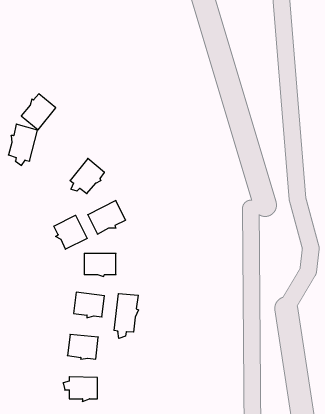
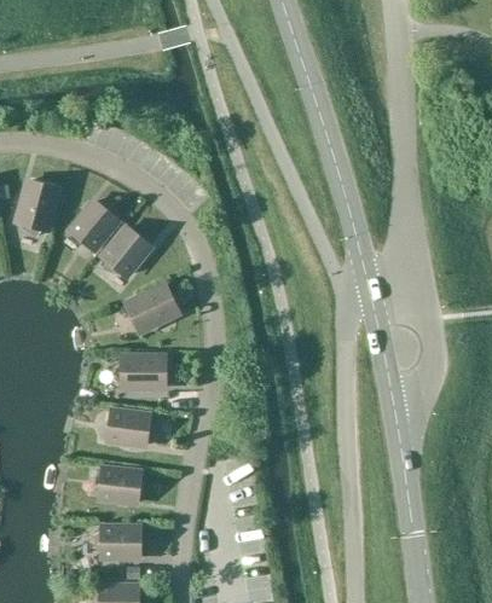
building: [21,94,56,130] -> [70,199,117,249]
building: [54,215,87,249] -> none
building: [114,294,138,338] -> none

